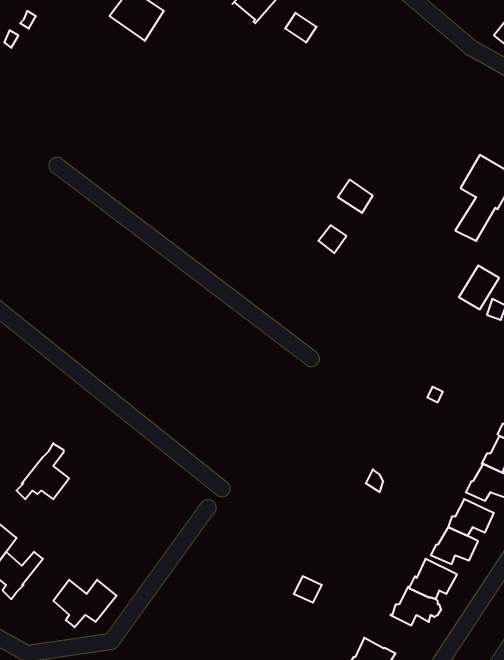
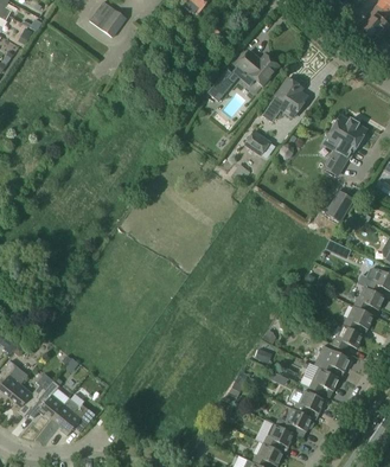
building: none -> [207,50,279,101]
building: none -> [276,77,307,116]
building: [16,443,69,499] -> [27,379,63,417]
building: none -> [262,423,294,452]

